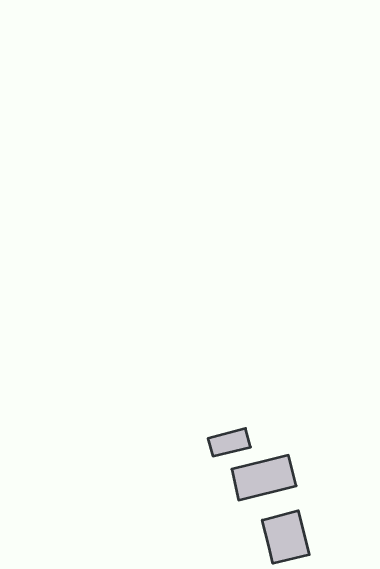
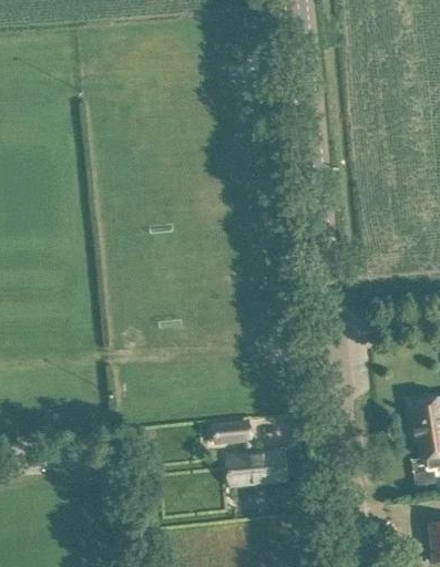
building: [262,511,309,563] -> none

